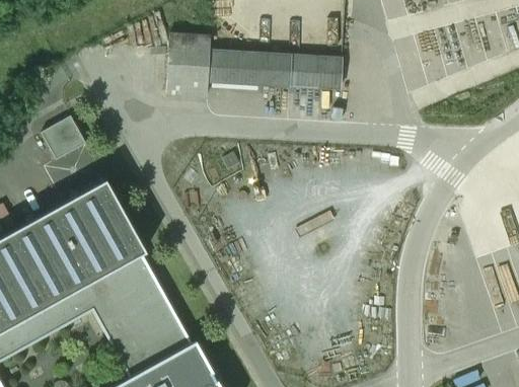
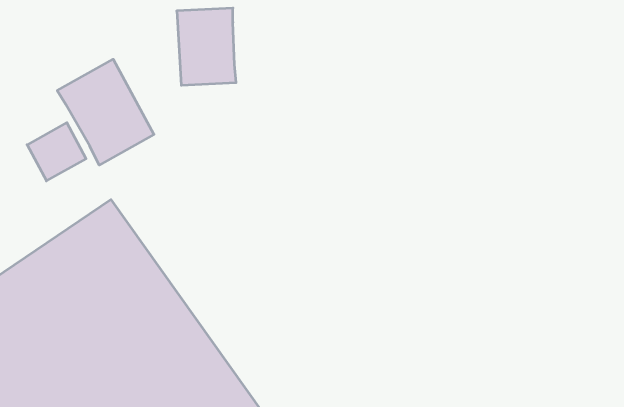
building: [207,50,340,89] -> none
building: none -> [57,59,154,165]

